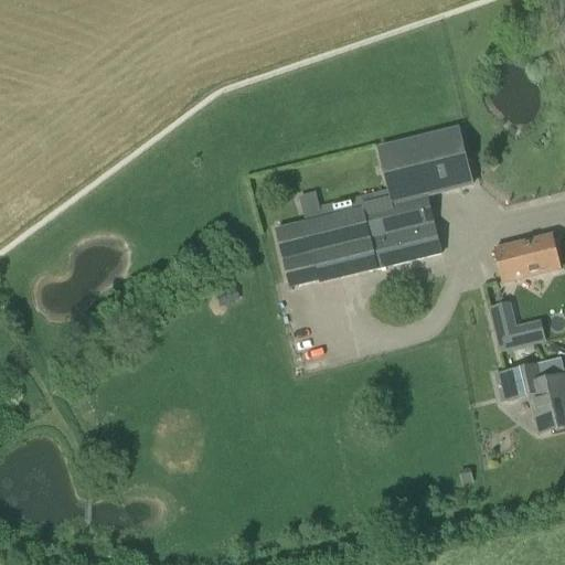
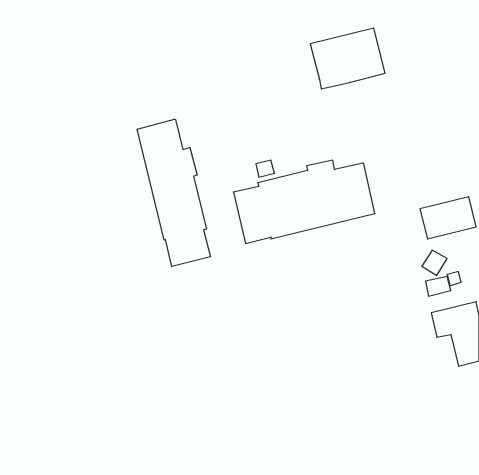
building: [381,128,469,200] -> [310,28,385,89]
building: none -> [137,119,211,267]

